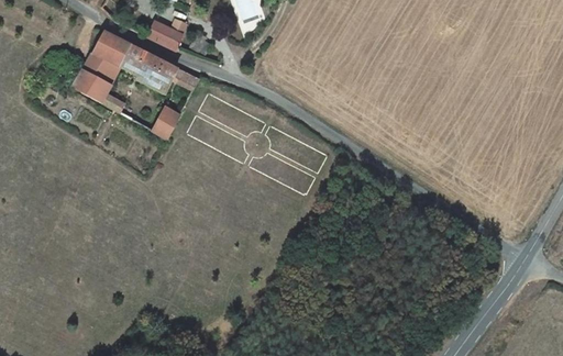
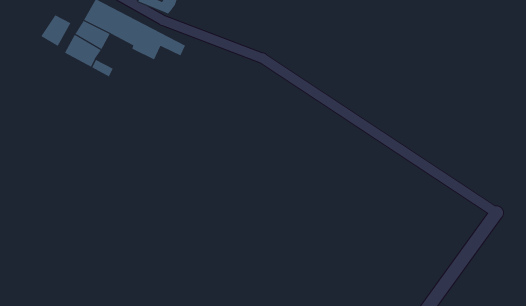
building: none -> [40,14,71,47]
building: [150,107,176,138] -> none

